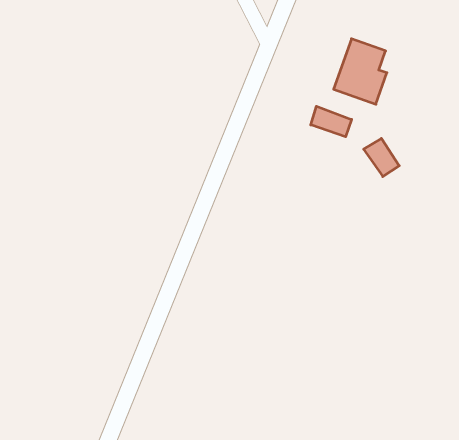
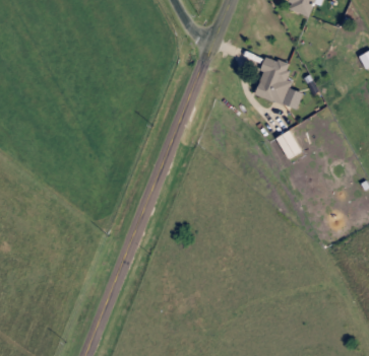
building: [311,106,352,137] -> none

